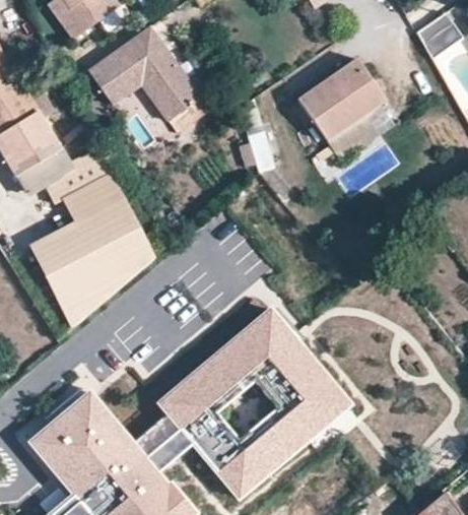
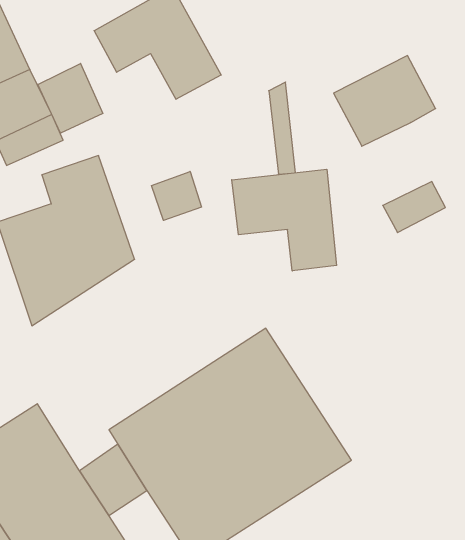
building: none -> [38,63,103,133]
building: [328,115,381,162] -> [383,182,445,233]
building: none -> [232,169,337,271]
building: none -> [151,171,202,220]

